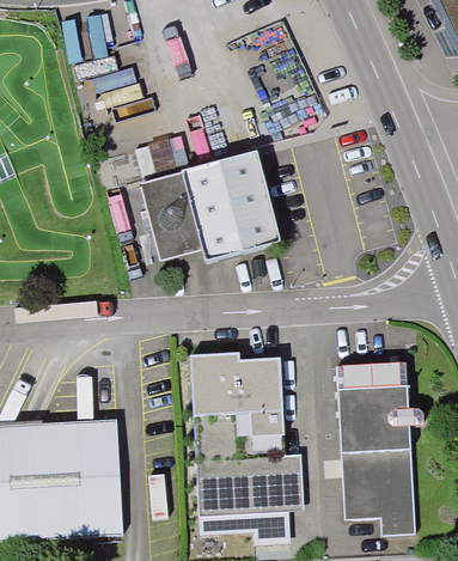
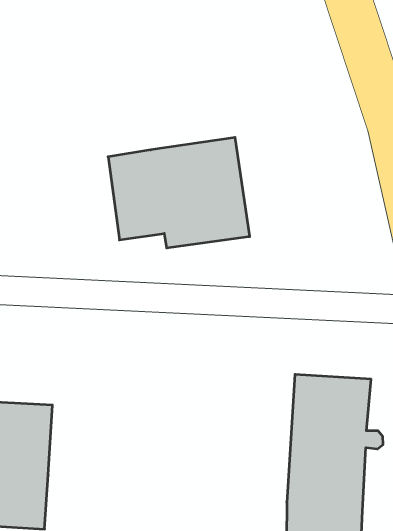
building: [190,352,289,516] -> none

